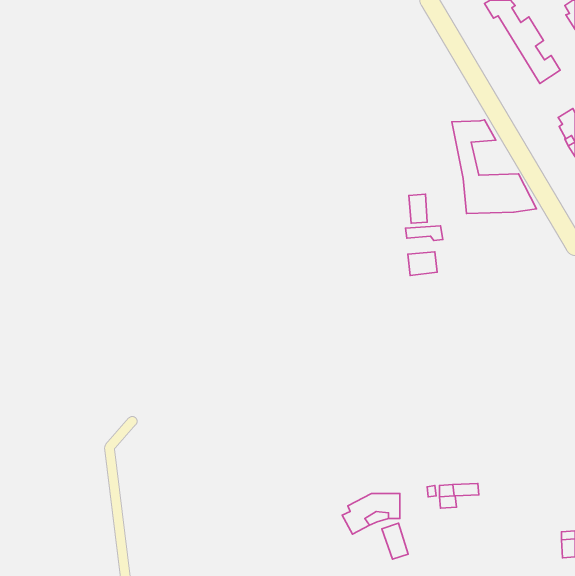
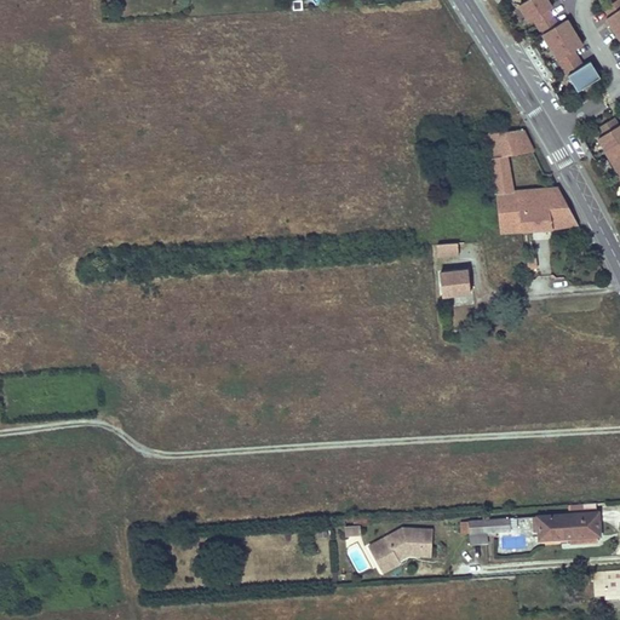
building: [409,194,427,223] -> none
building: none -> [541,513,603,540]
building: [382,523,408,559] -> none

